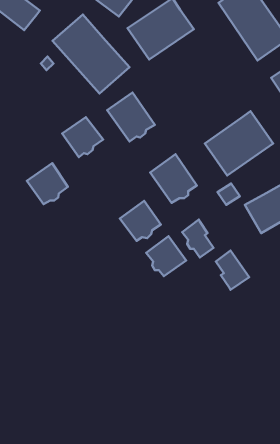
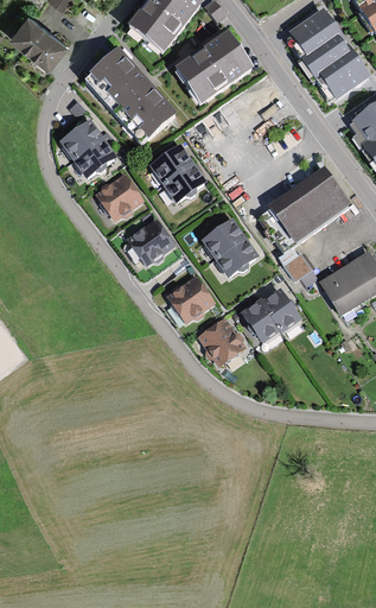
building: none -> [59,118,117,178]
building: [27,163,68,204] -> [125,216,174,266]
building: [216,251,249,290] -> [262,286,302,334]

